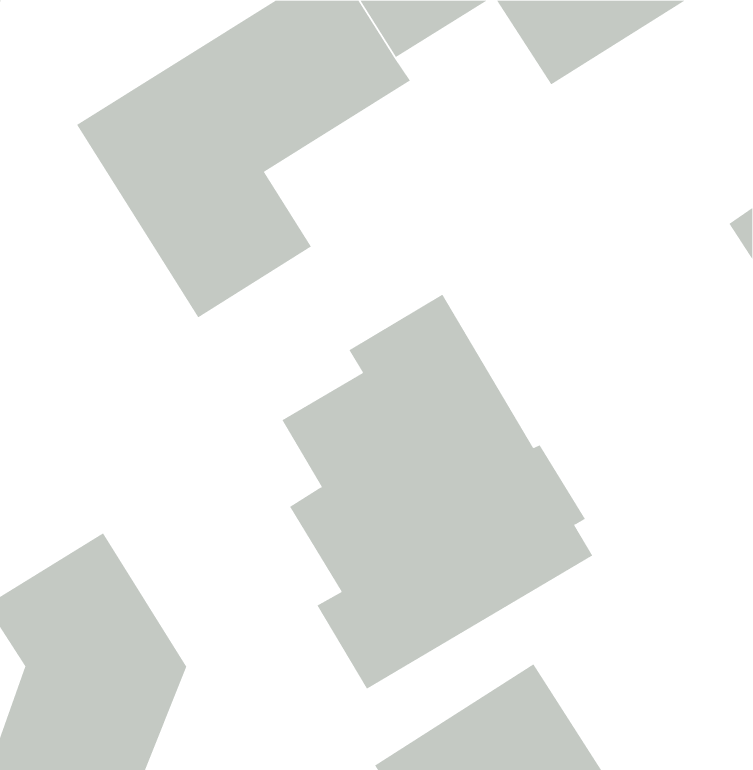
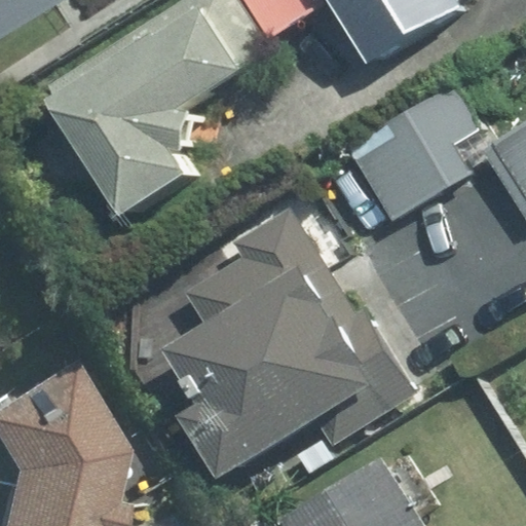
building: none -> [352,84,487,220]

